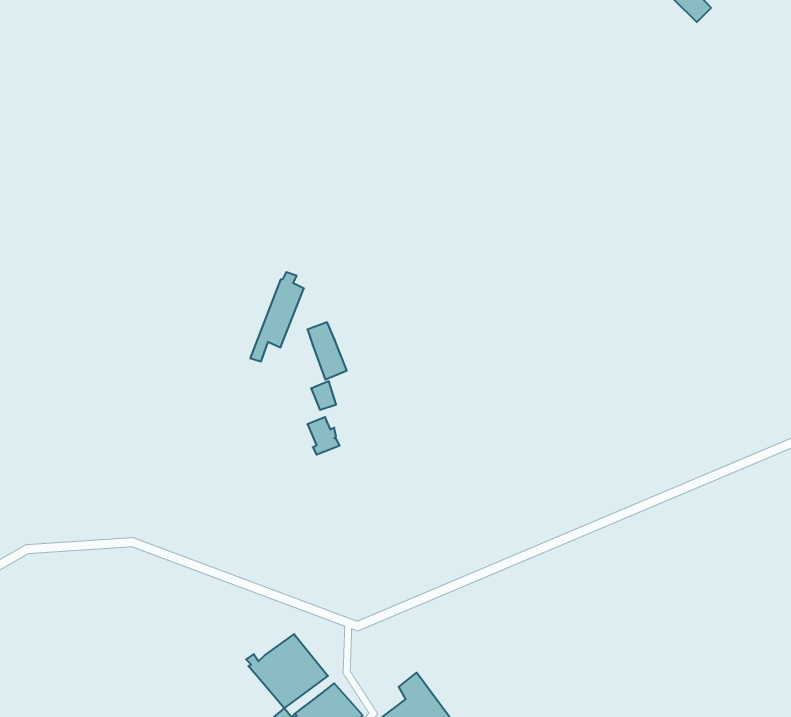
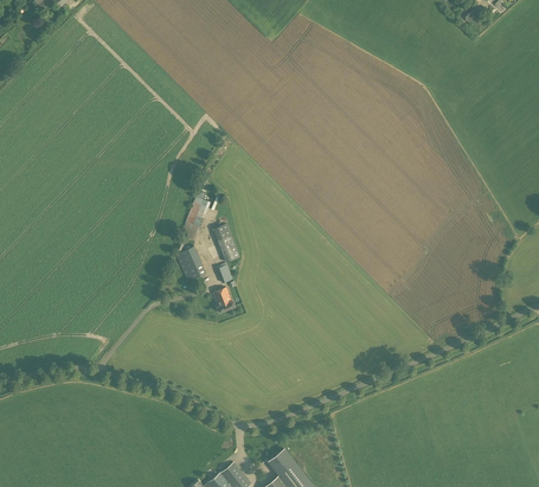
building: none -> [175,245,206,281]
building: [246,634,328,708] -> none

